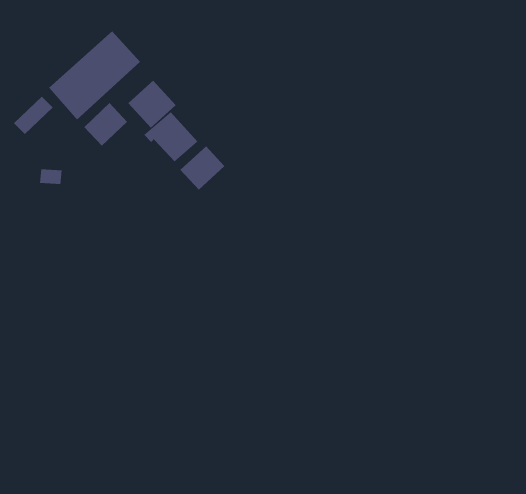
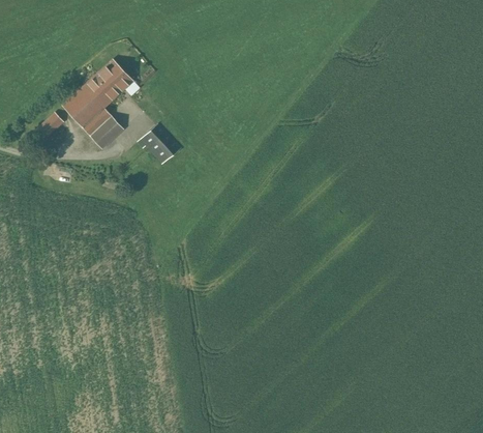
building: [127,80,177,129] -> none
building: [180,146,225,191] -> none

